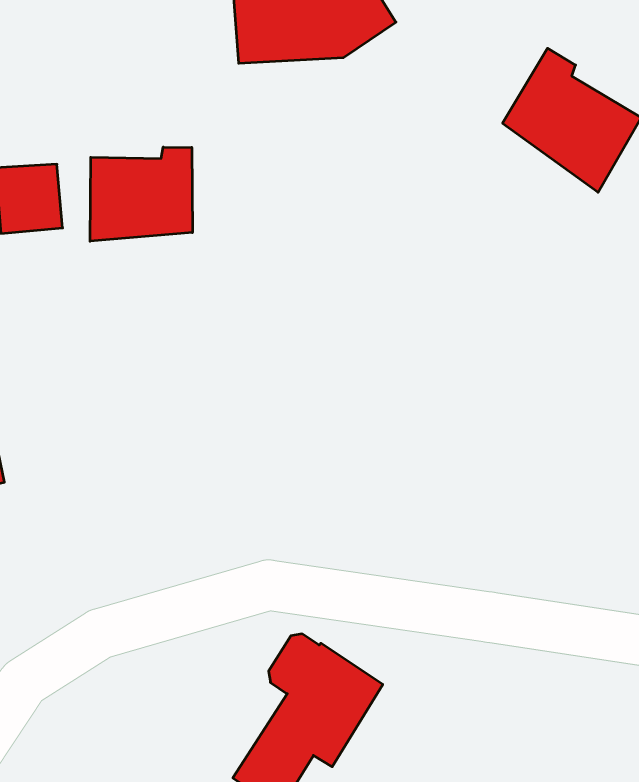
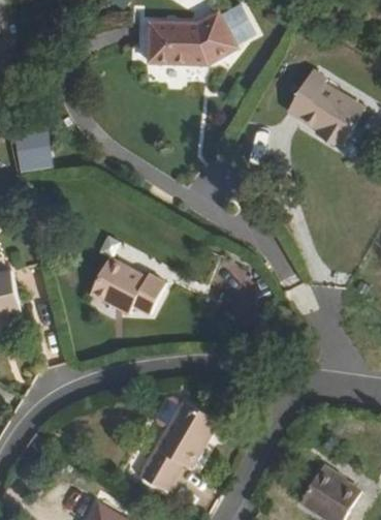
building: [90,147,192,241] -> none
building: none -> [92,261,171,324]

